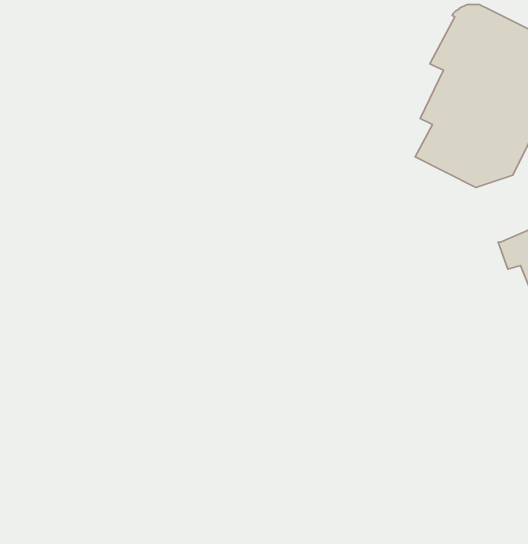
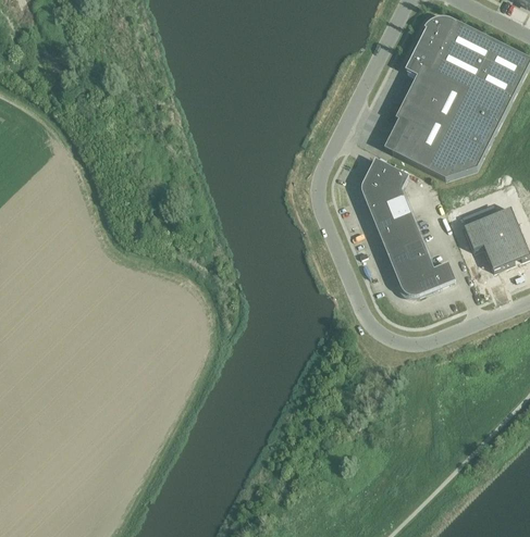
building: none -> [360,155,455,294]

